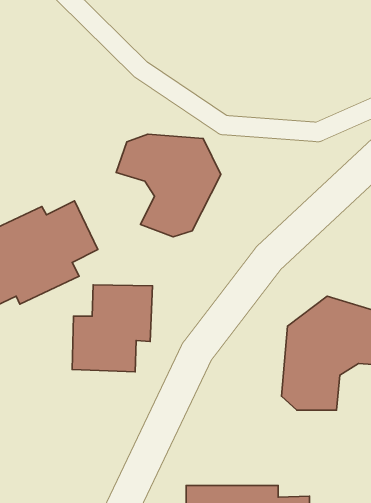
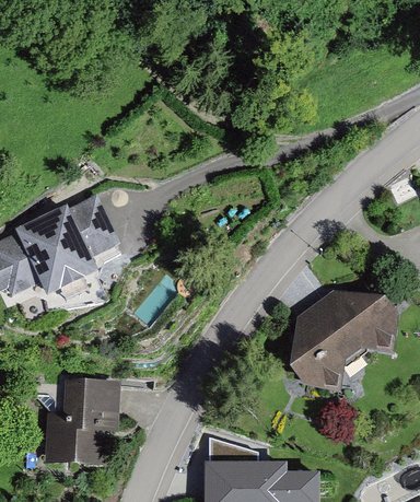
building: [116,134,221,237] -> none
building: [72,285,153,372] -> [46,382,121,464]

